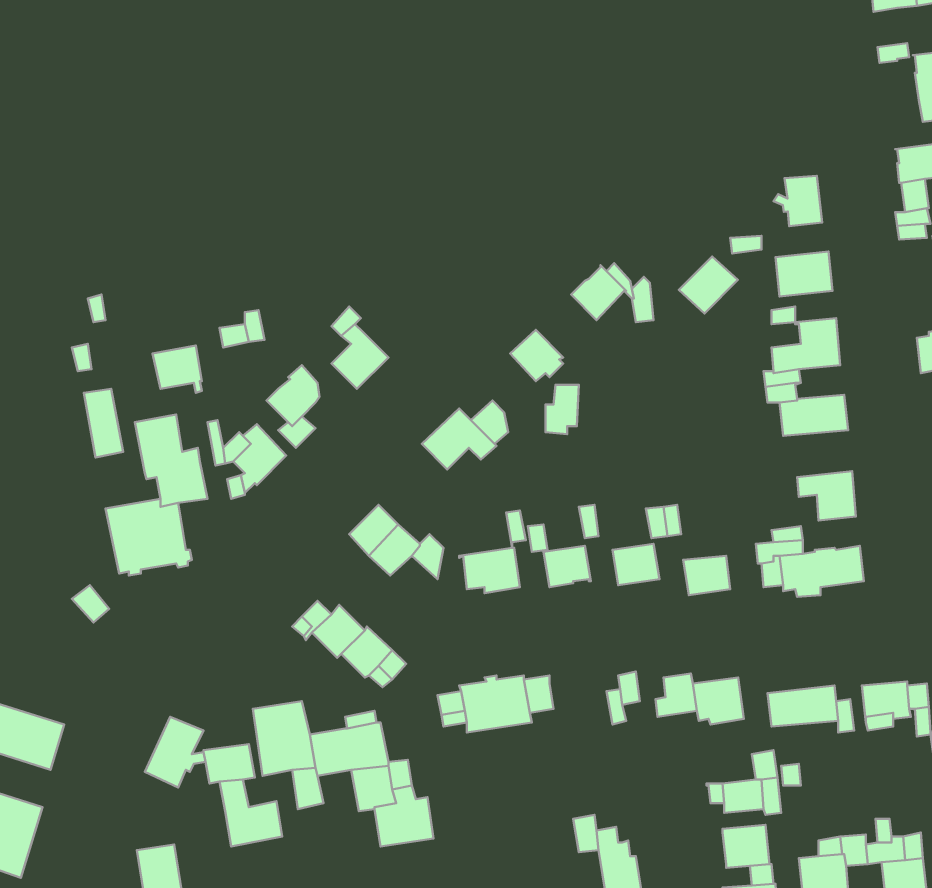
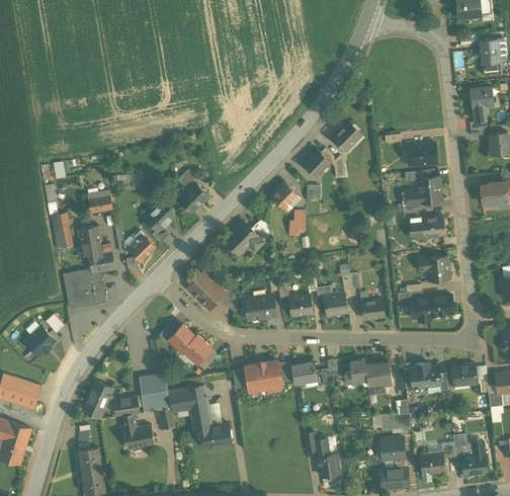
building: [774,176,822,226] -> none
building: [679,256,738,313] -> [332,122,362,152]
building: none -> [25,327,56,357]
building: none -> [291,362,317,383]

